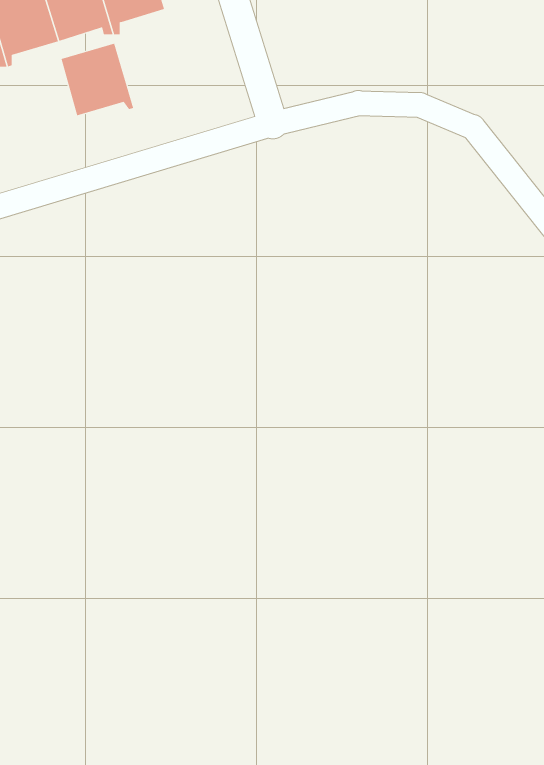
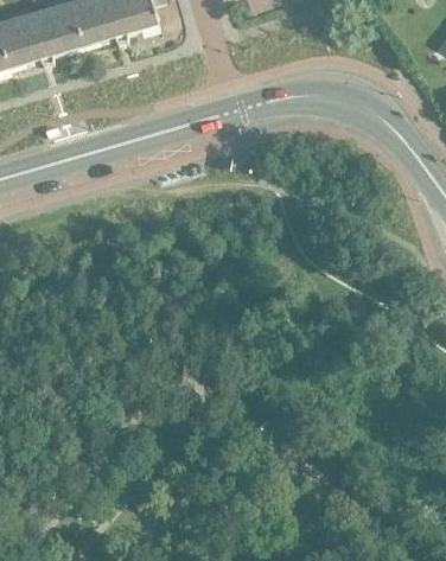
building: [61,43,134,116] -> none

